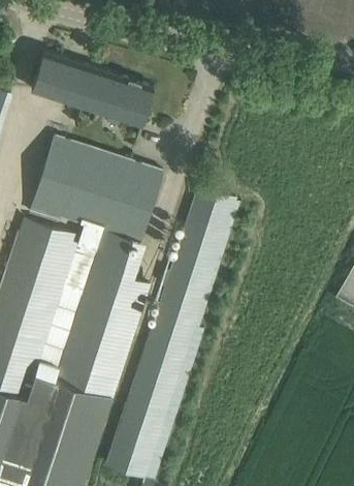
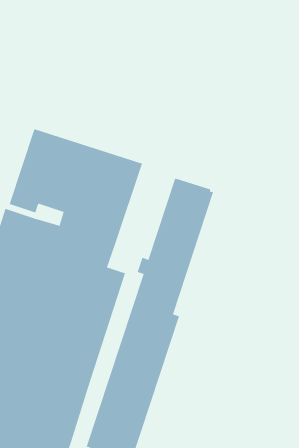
building: [30,52,153,126] -> none

